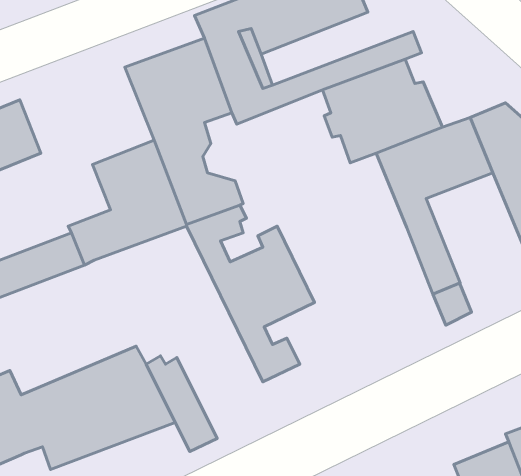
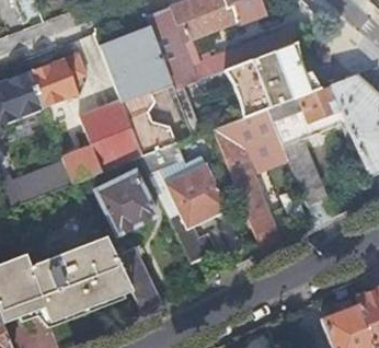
building: none -> [28,51,88,107]
building: none -> [215,107,290,251]
building: none -> [96,171,158,233]

